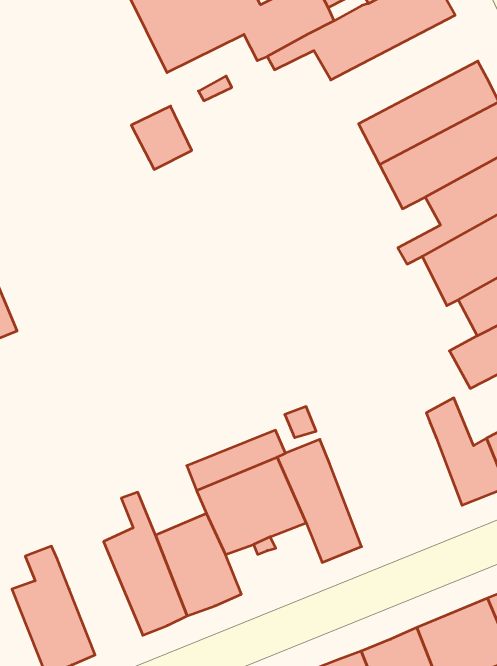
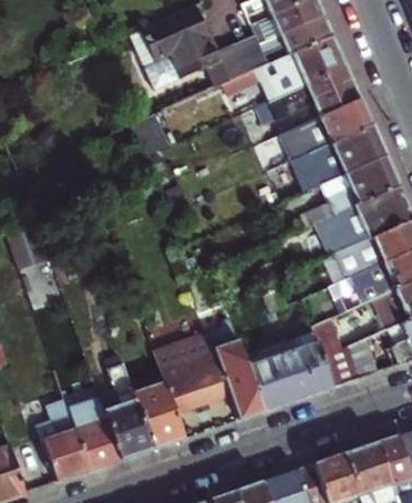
building: none -> [275,65,362,117]
building: none -> [249,332,334,411]
building: none -> [66,398,120,472]

